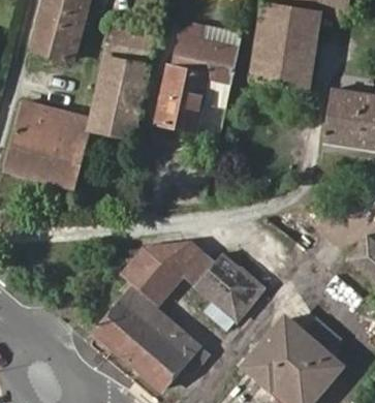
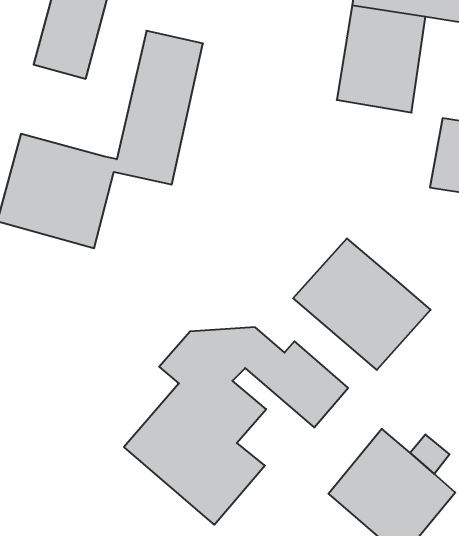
building: [155,37,238,131] -> none
building: none -> [293,238,431,370]

